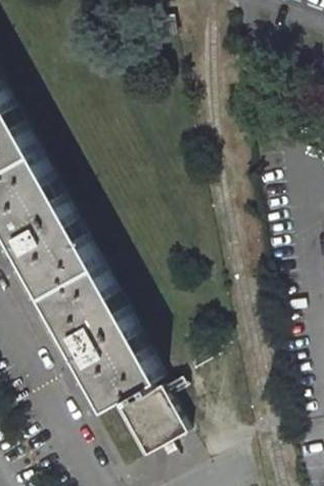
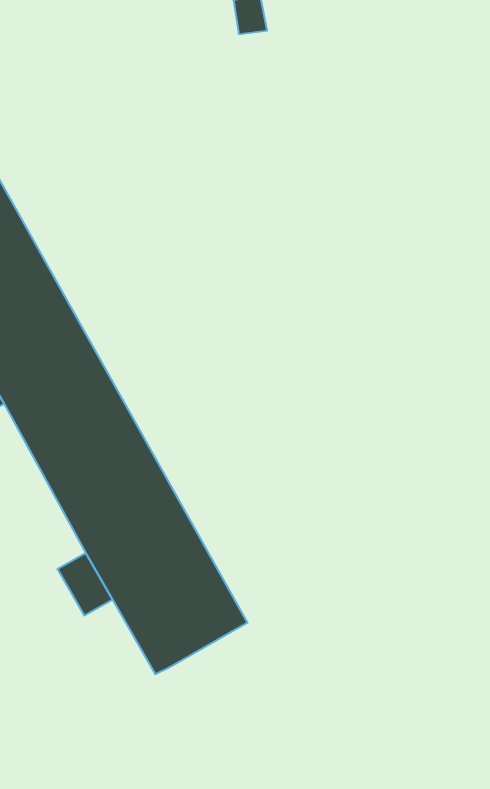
building: [108,388,179,460] -> none

